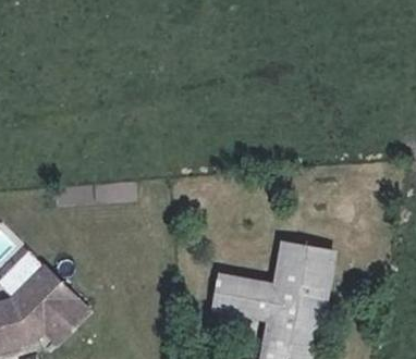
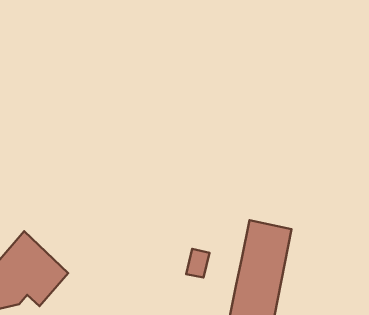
building: [232,286,272,320] -> none

